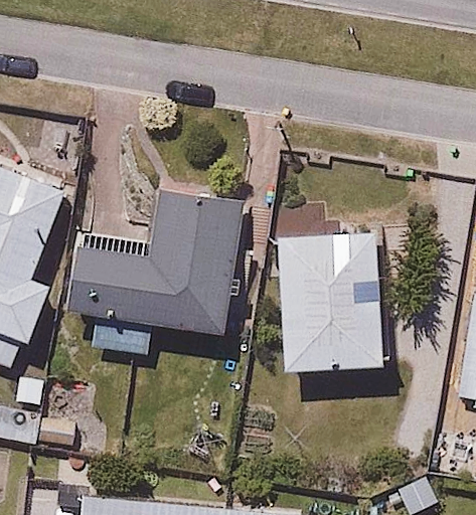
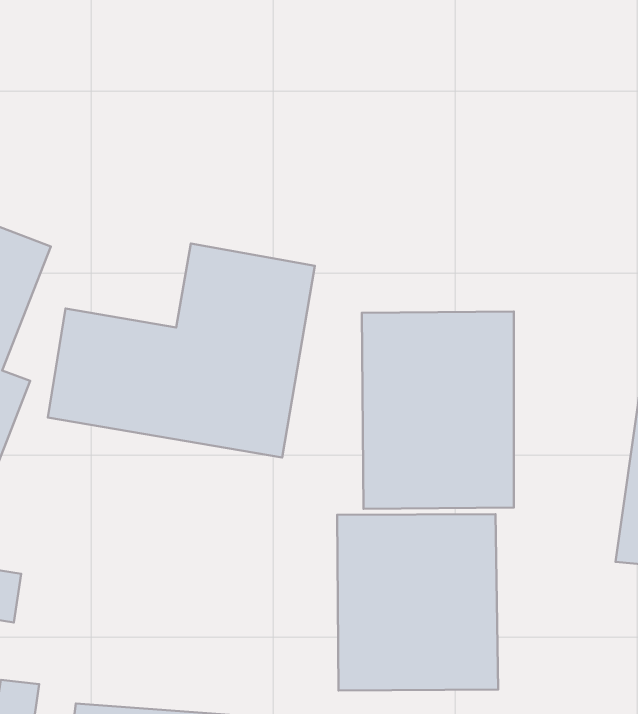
building: none -> [337,514,498,690]

